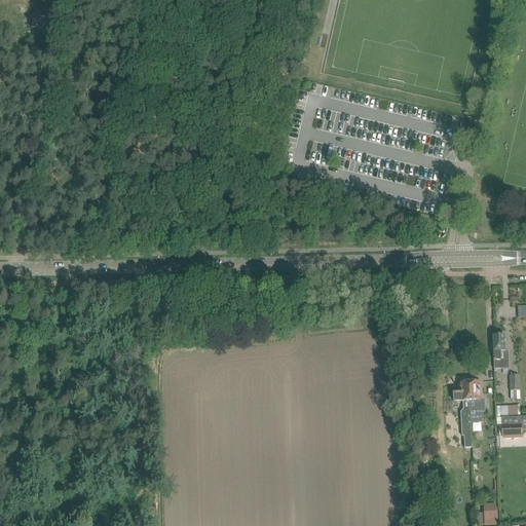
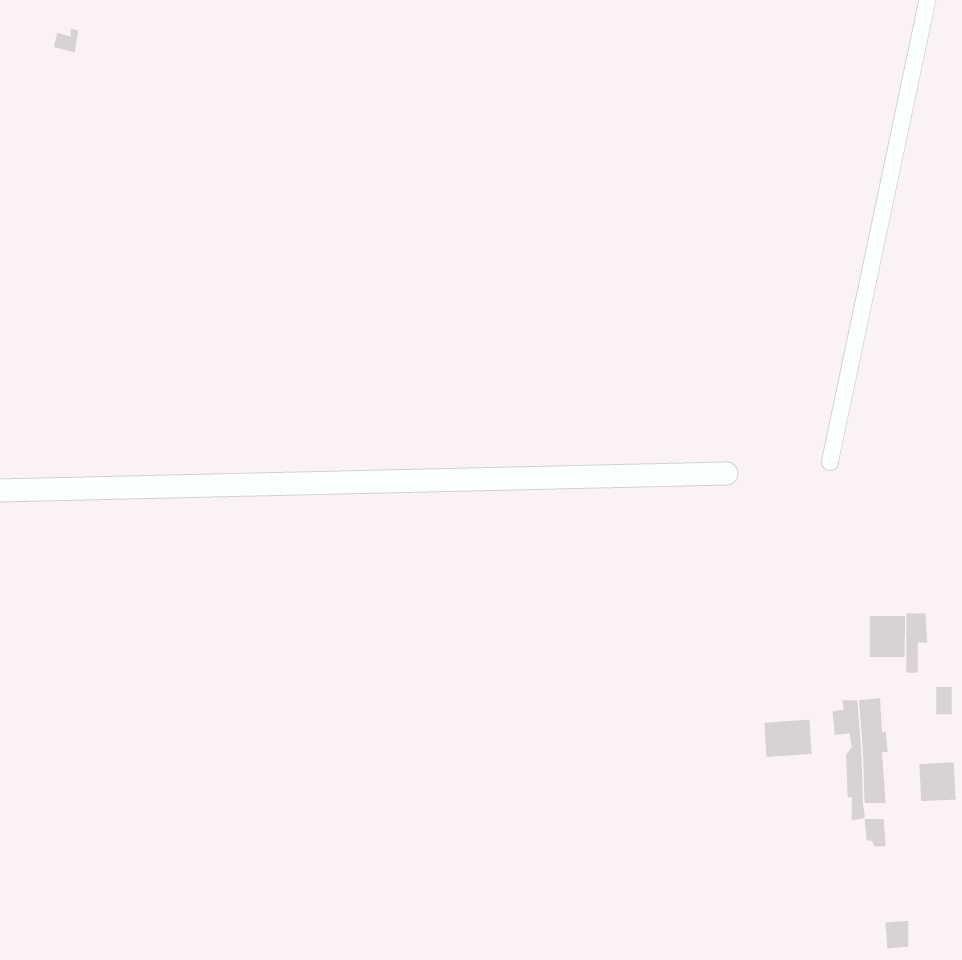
building: none -> [869,615,905,658]
building: none -> [764,719,812,758]

